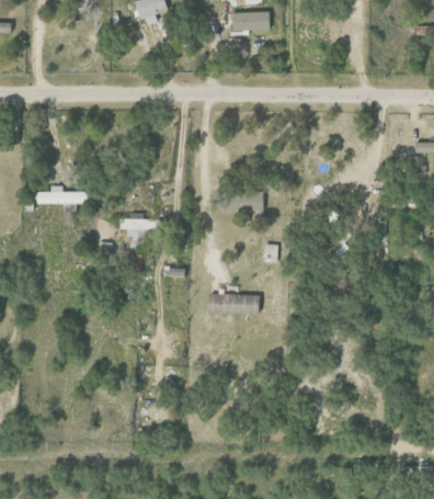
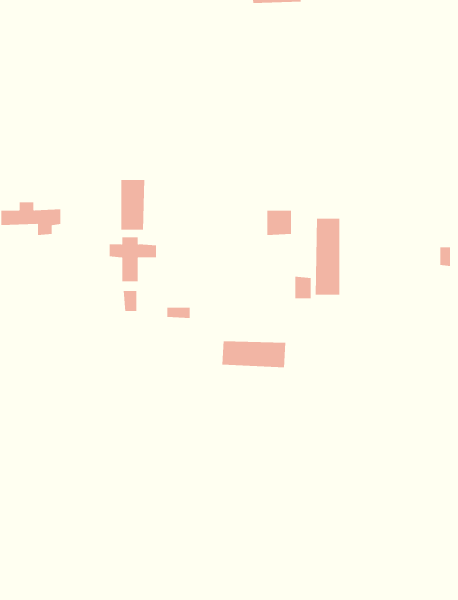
building: none -> [121,179,145,230]
building: none -> [315,218,340,296]

